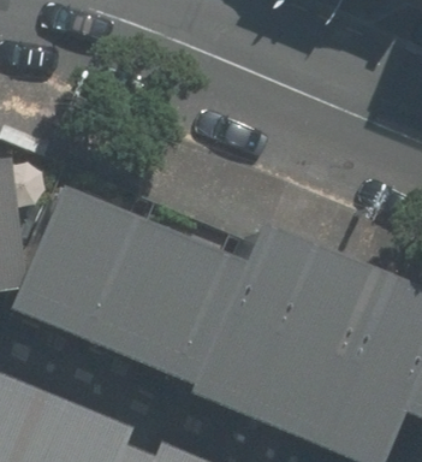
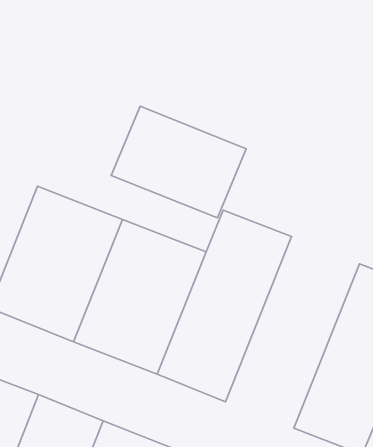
building: none -> [111,106,246,218]
building: [234,241,369,433] -> none

